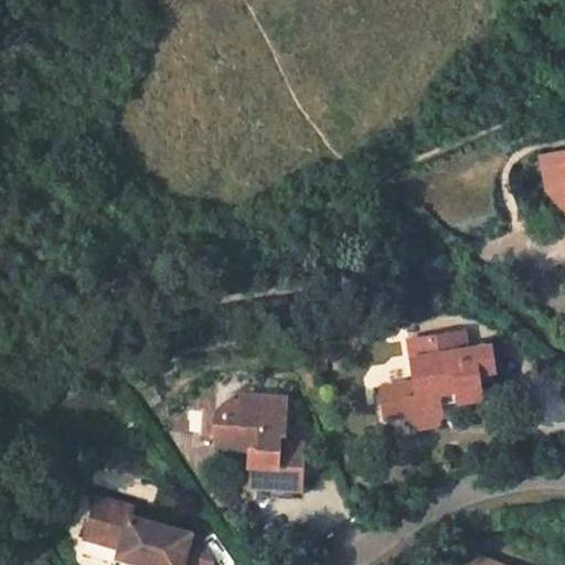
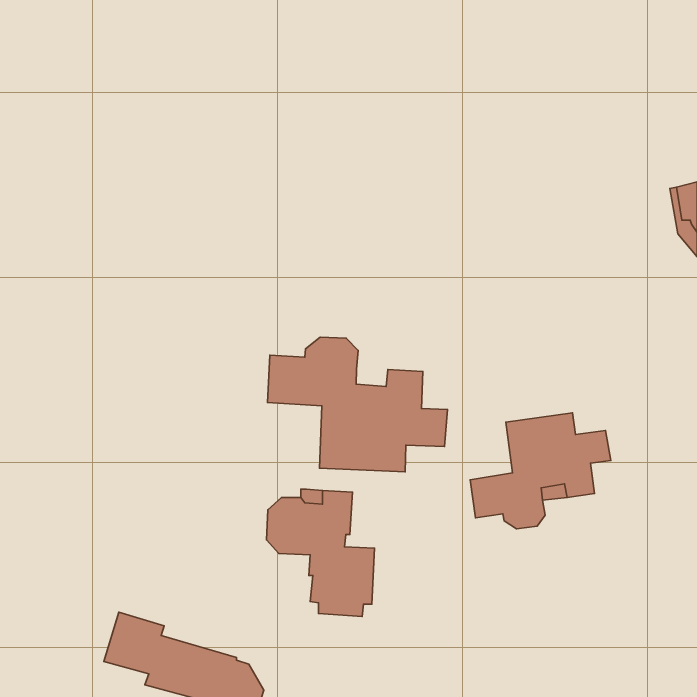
building: none -> [268,337,448,472]

